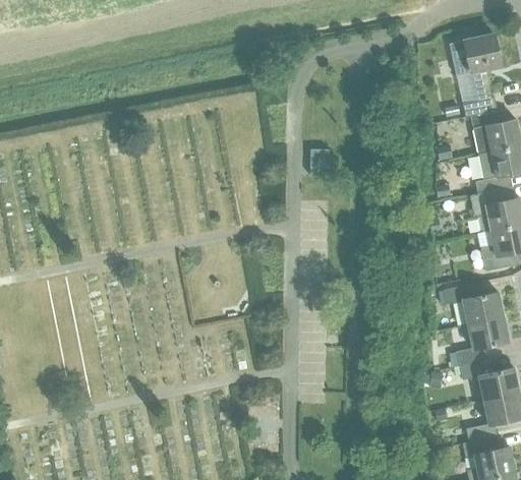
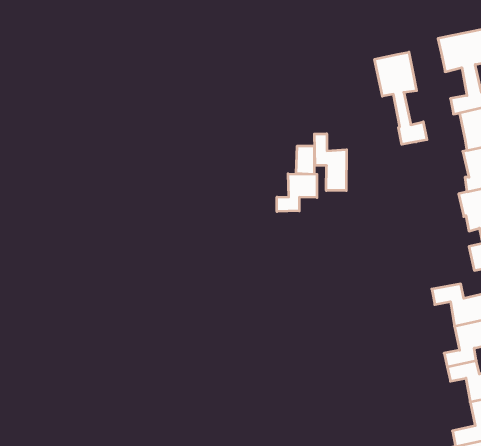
building: none -> [375,52,427,144]
building: none -> [314,134,347,191]
building: none -> [277,174,317,212]

